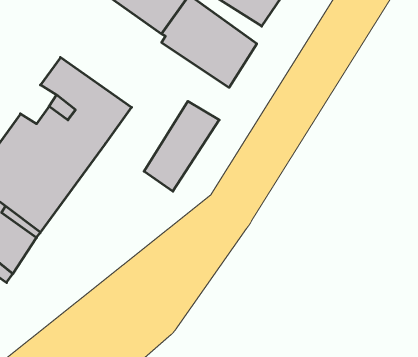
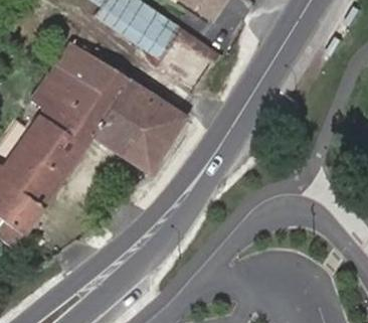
building: none -> [57,43,160,156]

